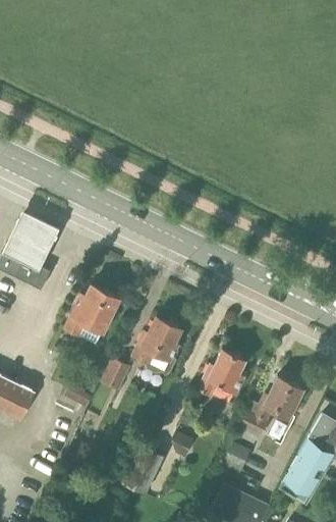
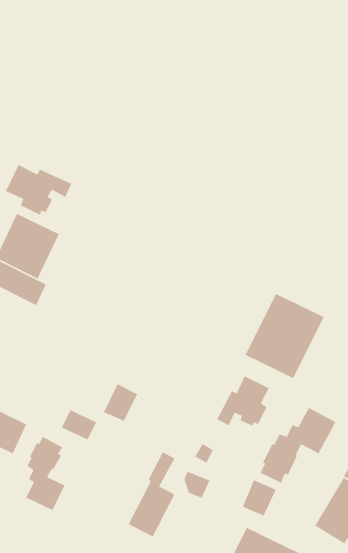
building: none -> [5,164,72,216]
building: none -> [244,293,325,379]
building: [64,285,118,346] -> none
building: [130,318,180,372] -> none
building: none -> [25,436,66,511]

